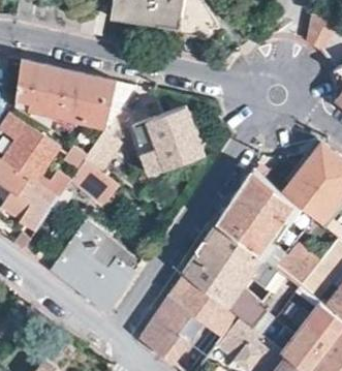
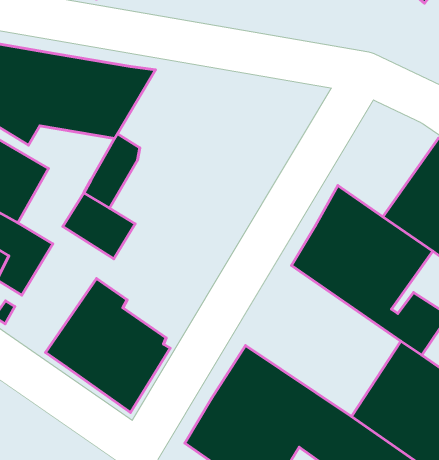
building: [128,106,205,177] -> none
building: [185,222,289,326] -> none

